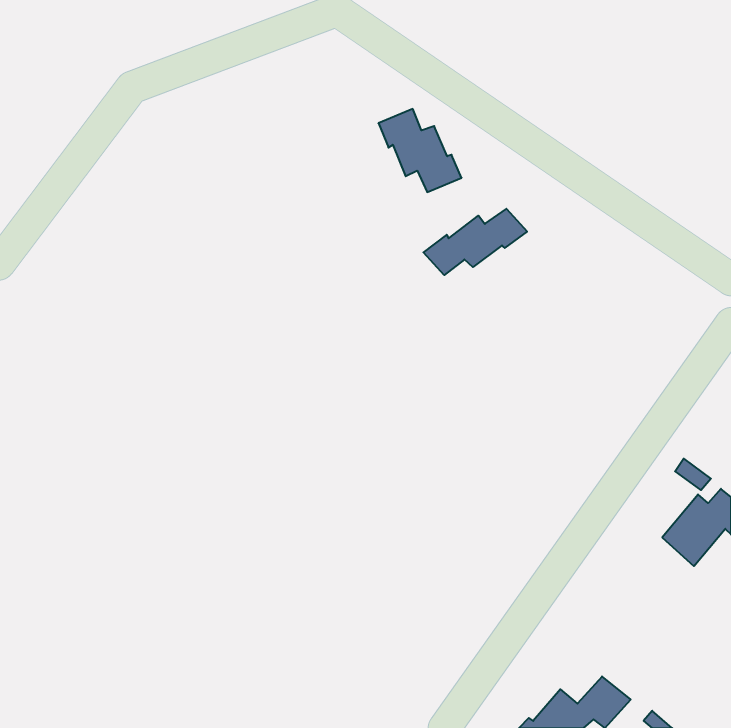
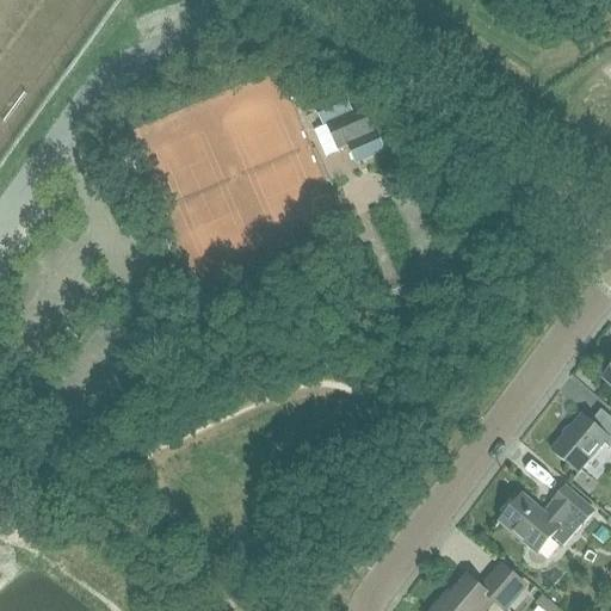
building: [423,209,527,275] -> none
building: none -> [499,485,593,551]

